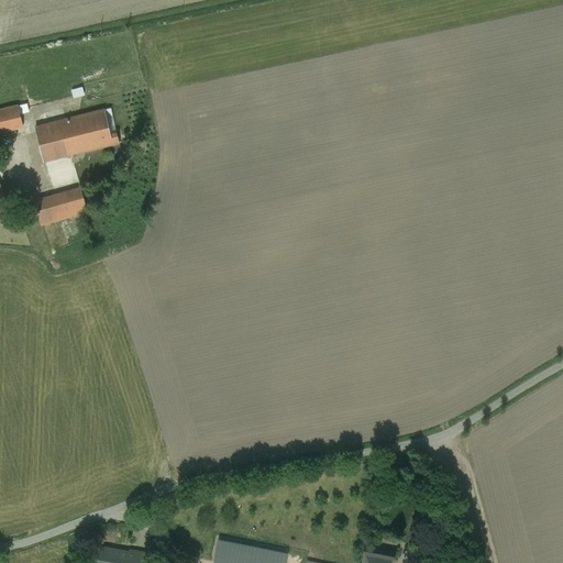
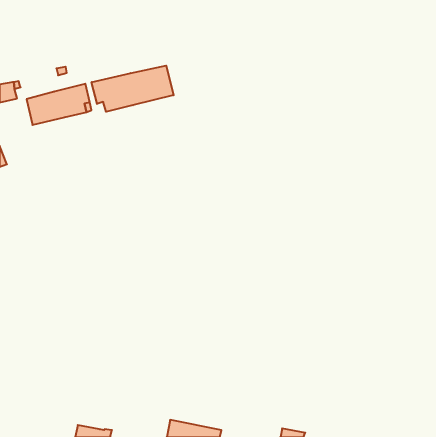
building: none -> [92,66,174,112]
building: [33,187,86,224] -> none

